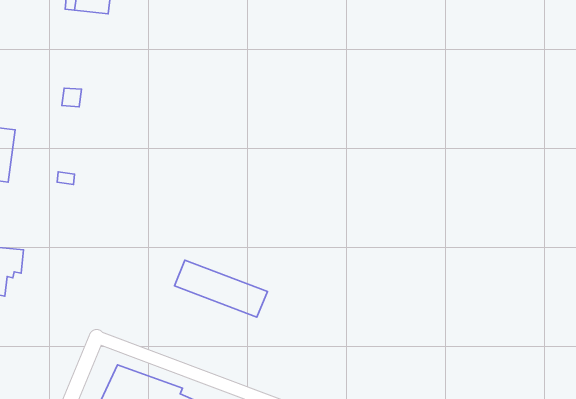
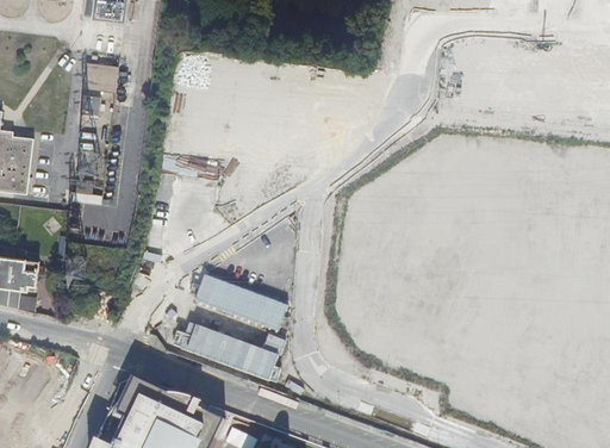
building: none -> [79,62,114,91]
building: none -> [169,322,282,378]

